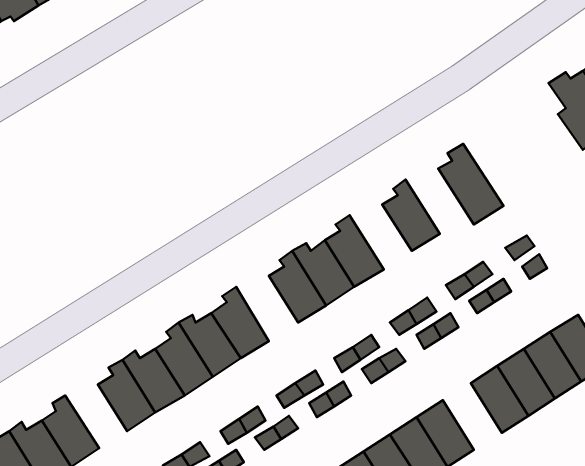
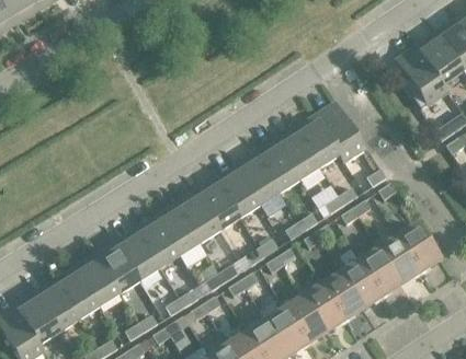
building: none -> [295,121,343,167]
building: none -> [255,147,299,193]
building: none -> [175,197,219,243]
building: none -> [321,273,363,320]
building: none -> [55,274,99,319]

